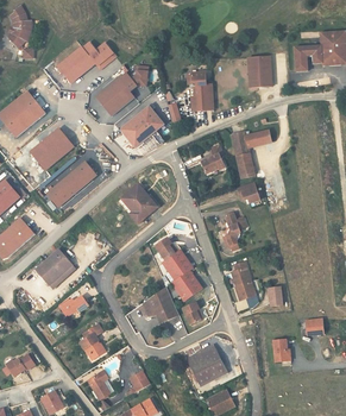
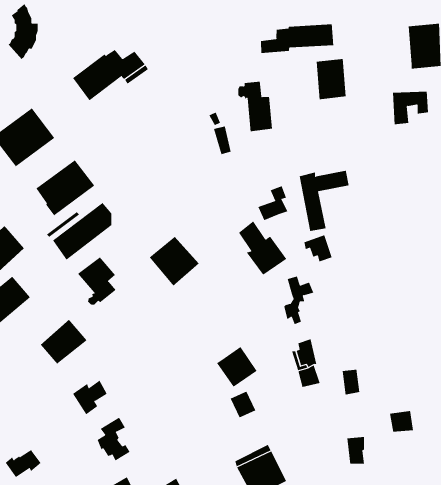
building: none -> [260,24,334,54]
building: [292,37,321,63] -> [392,91,429,125]
building: [96,67,149,115] -> none
building: [120,105,166,149] -> none
building: none -> [77,256,116,305]
building: [155,240,193,283] -> [238,220,287,276]
building: [139,289,176,326] -> none

